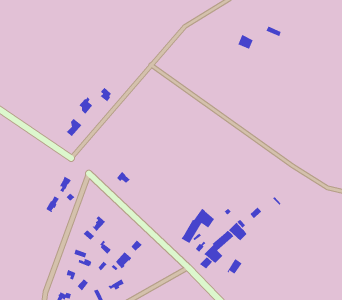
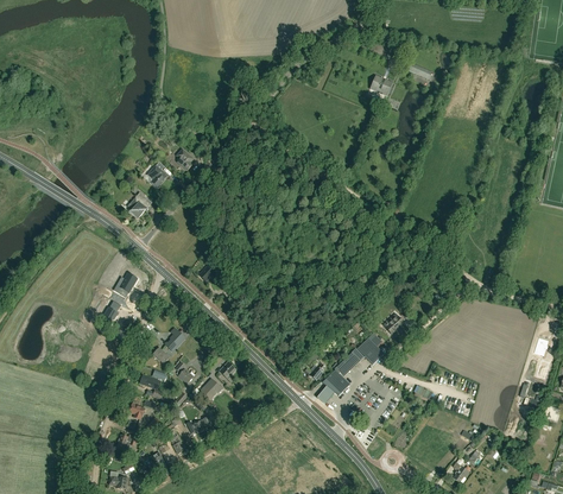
building: [181,208,215,244] -> none

